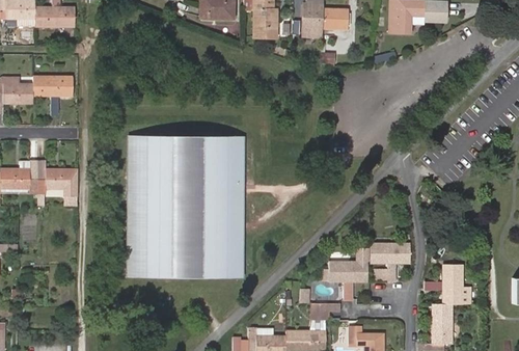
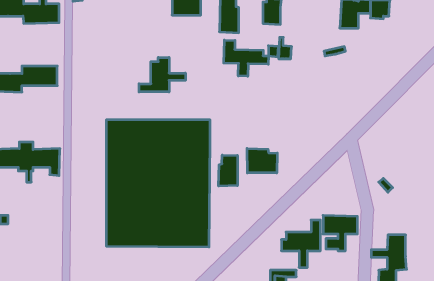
building: [323,10,347,29] -> none
building: none -> [224,40,268,76]
building: none -> [139,57,185,92]
building: none -> [247,148,277,173]
building: none -> [219,155,237,186]

